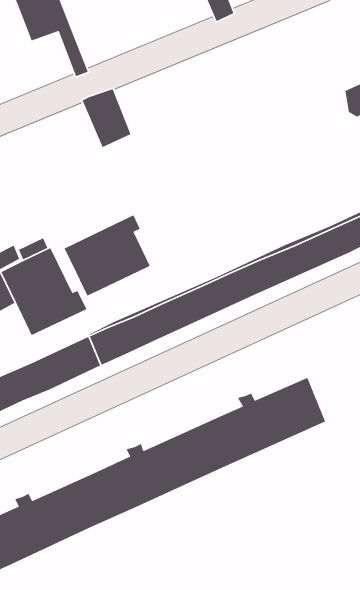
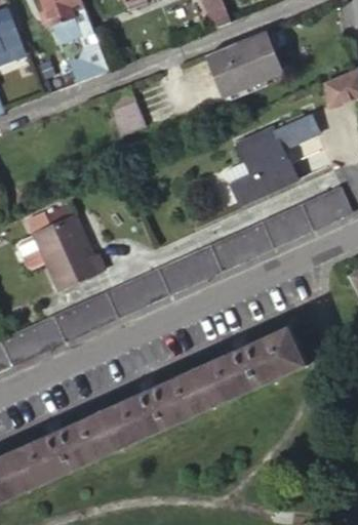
building: none -> [202,29,280,95]
building: none -> [228,112,318,207]
building: [64,214,151,296] -> none

